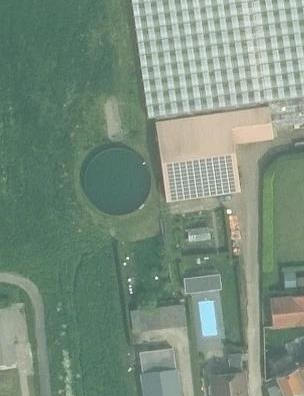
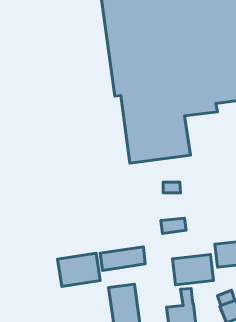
building: none -> [57,253,100,286]
building: none -> [172,255,214,285]

